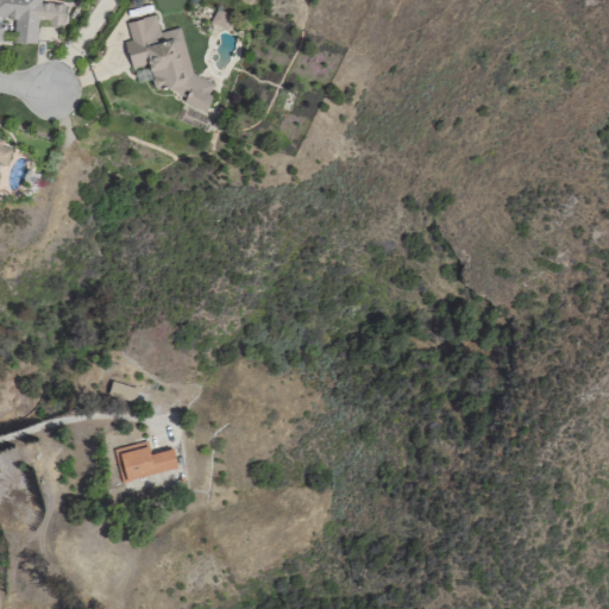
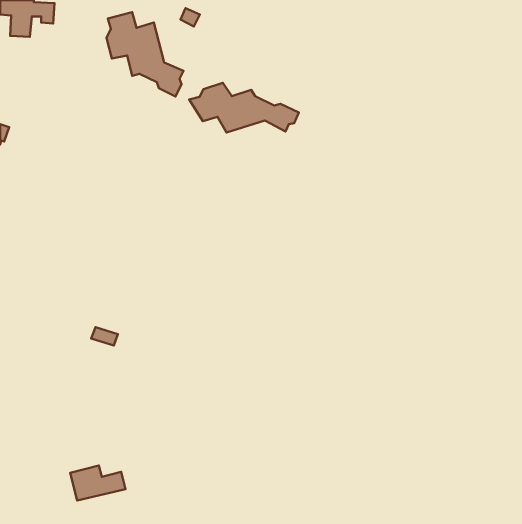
building: none -> [189,83,299,133]
building: [114,440,178,481] -> [70,466,125,501]

